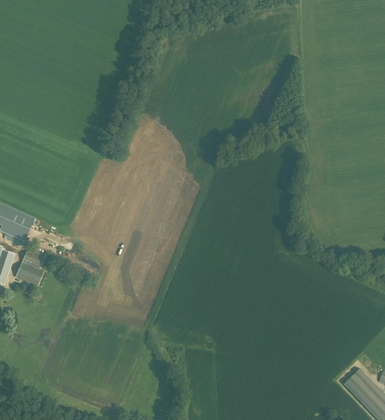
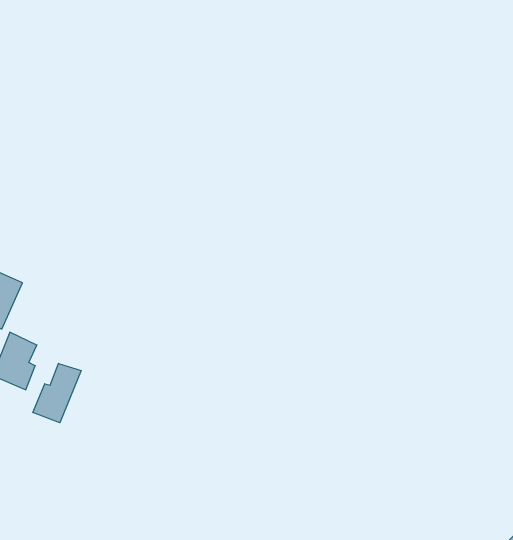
building: none -> [33,363,81,423]

